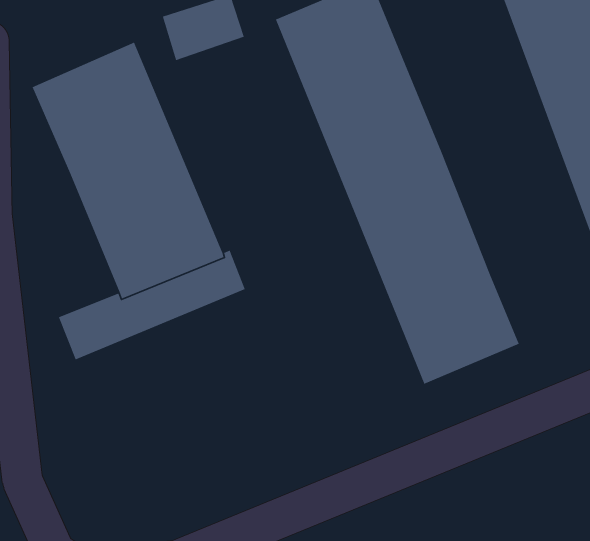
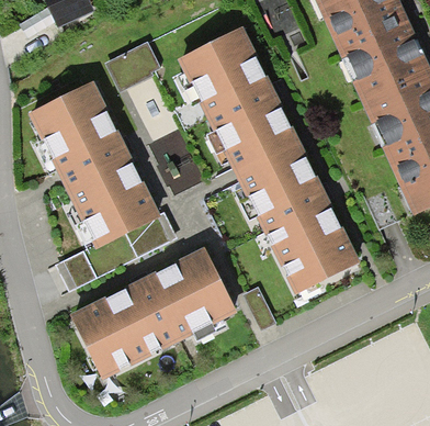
building: none -> [69,247,236,377]

